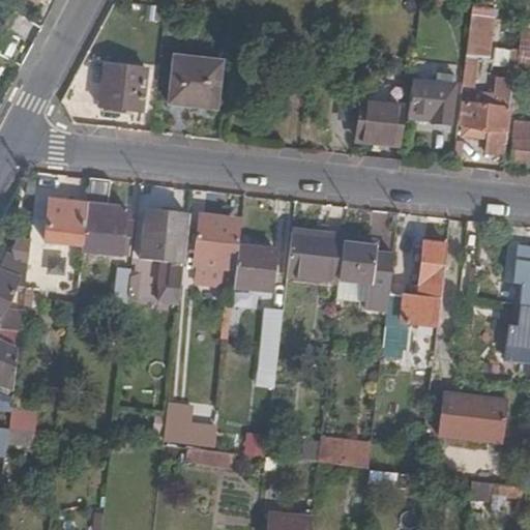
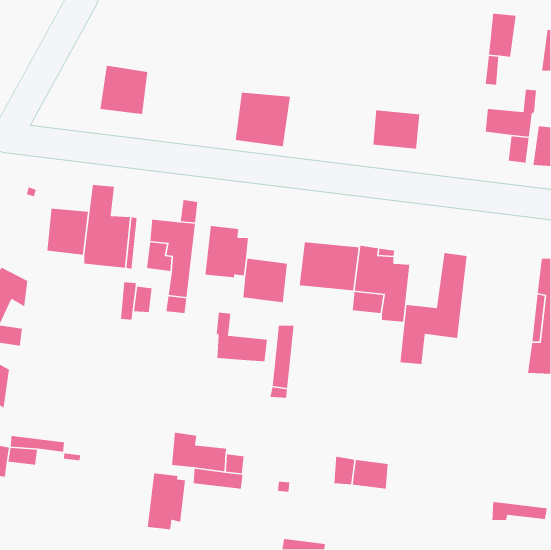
building: [167,56,220,109] -> [235,92,291,147]
building: [408,80,457,125] -> none
building: none -> [216,312,268,362]
building: [439,391,508,443] -> none
building: none -> [147,472,186,530]

